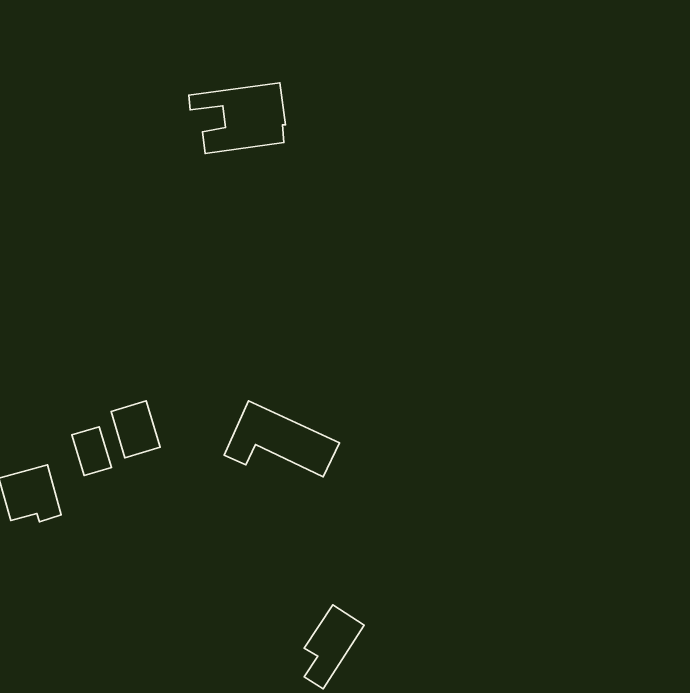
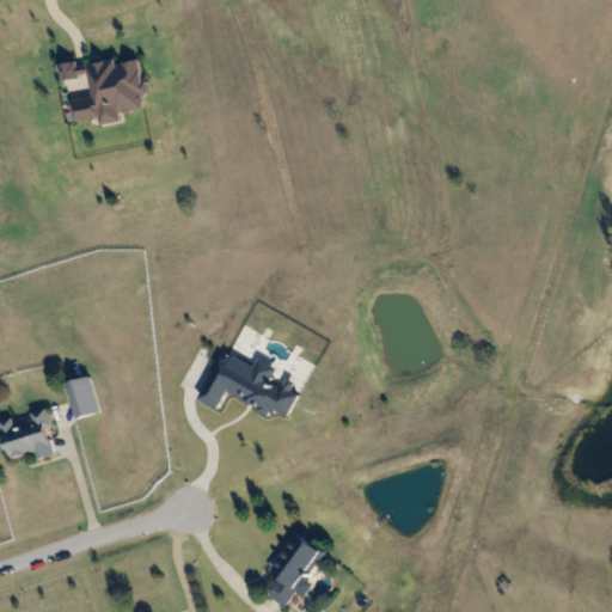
building: [189,83,285,153] -> [57,57,142,120]
building: [111,401,160,458] -> none

